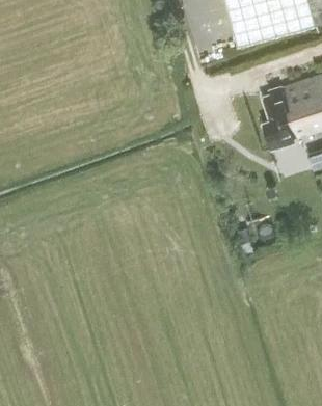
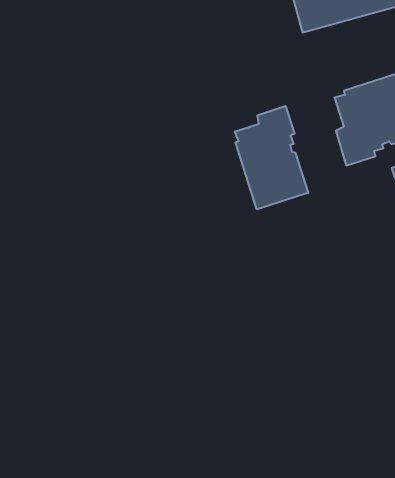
building: none -> [235,106,308,209]

